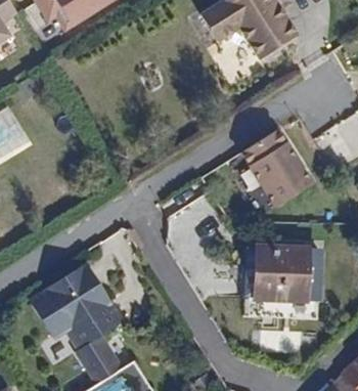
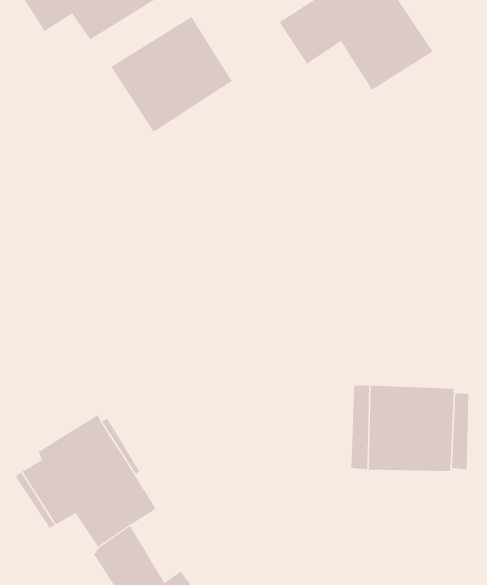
building: none -> [110,16,232,132]
building: [239,130,310,207] -> none

